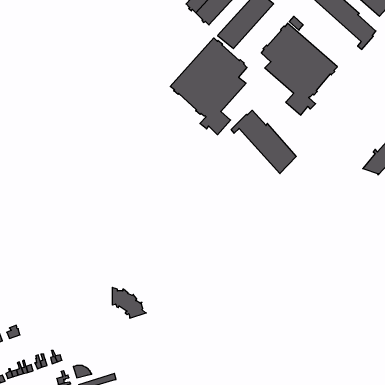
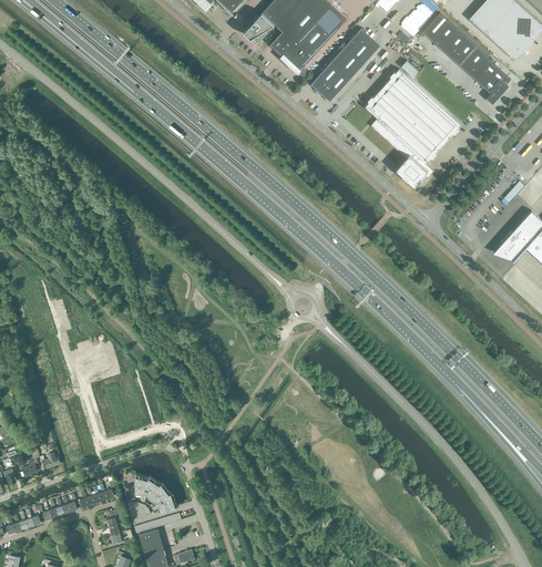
building: [170,38,247,135] -> none
building: [231,110,296,174] -> none
building: [112,287,146,318] -> [135,473,178,512]

